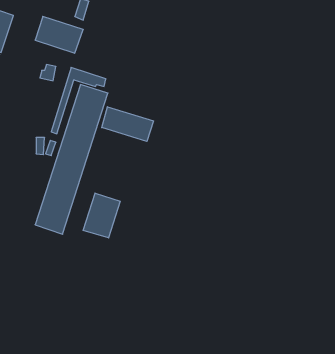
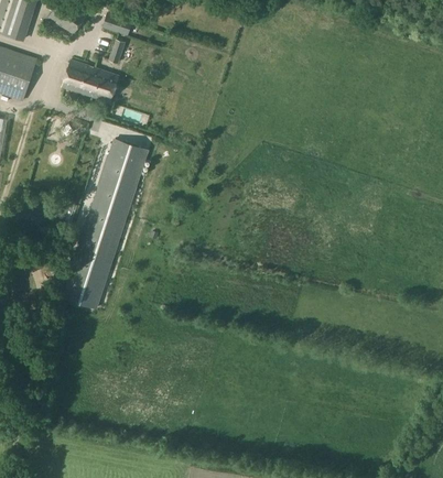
building: [102,107,153,141] -> none
building: [83,193,120,238] -> none

